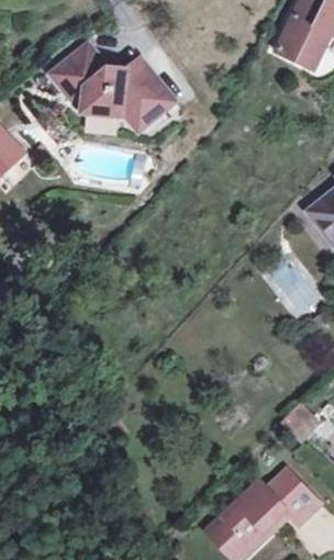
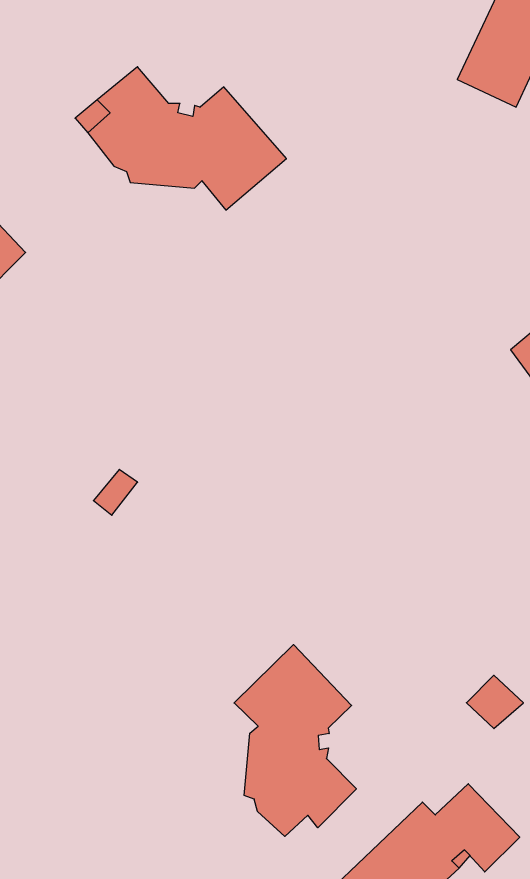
building: none -> [234,645,356,836]

